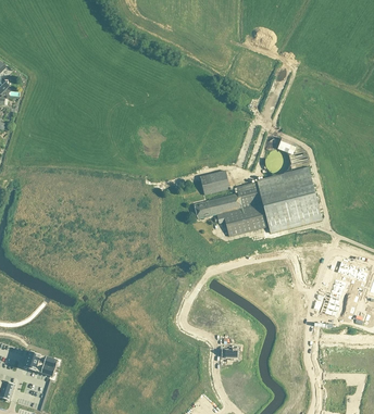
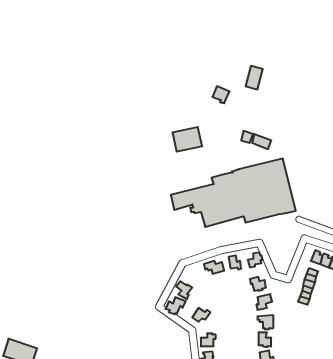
building: [199,171,229,196] -> [172,127,202,152]

